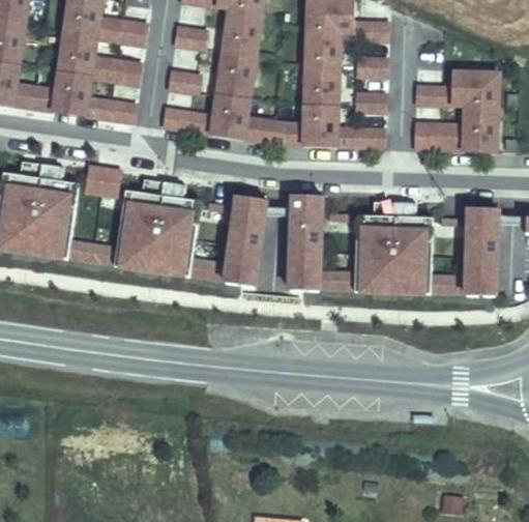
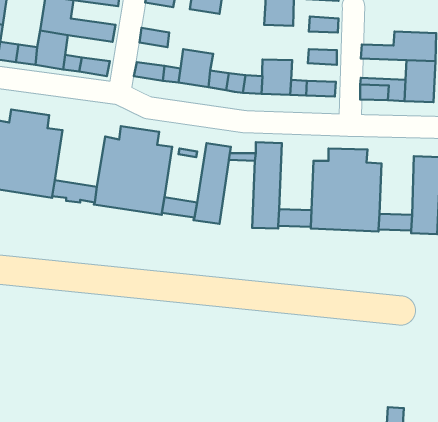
building: [214,48,255,97] -> none
building: [302,65,336,105] -> none
building: [86,166,122,195] -> none

